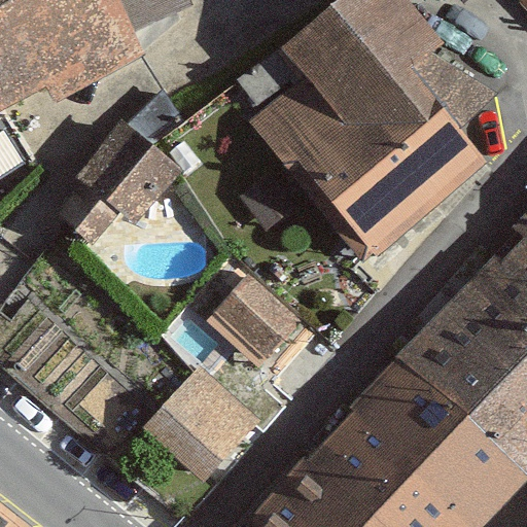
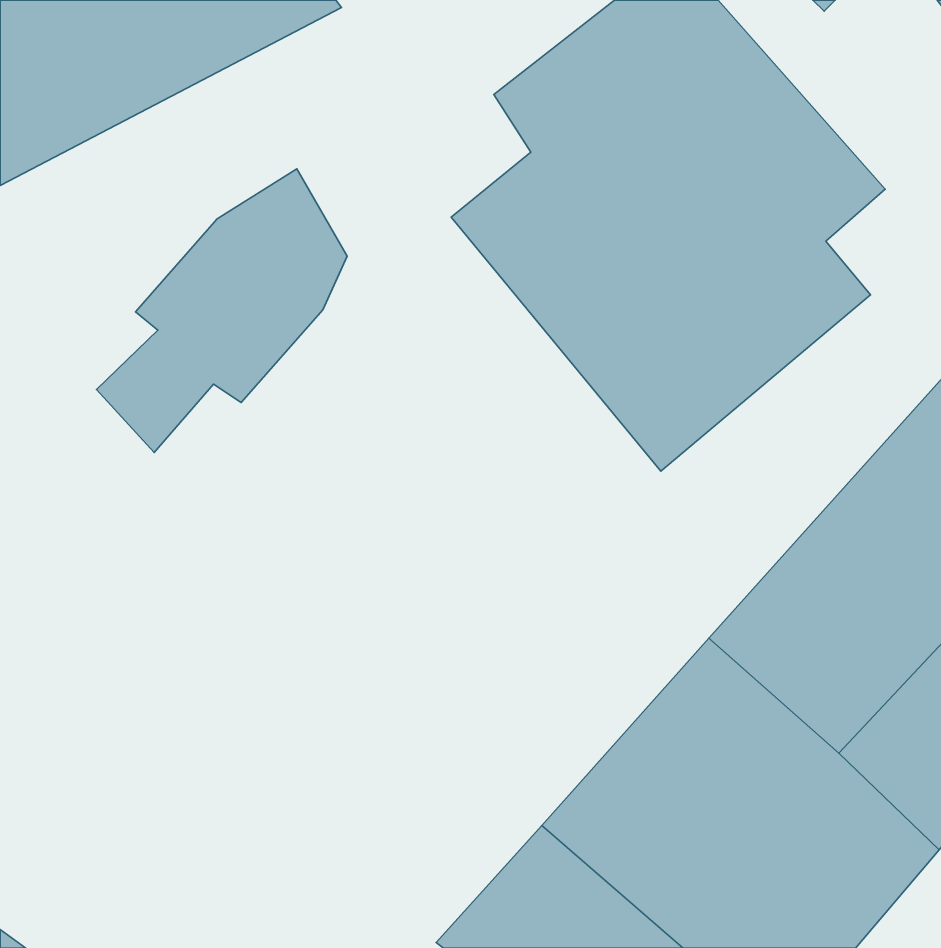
building: [206,277,301,370] -> none
building: [141,367,261,487] -> none

